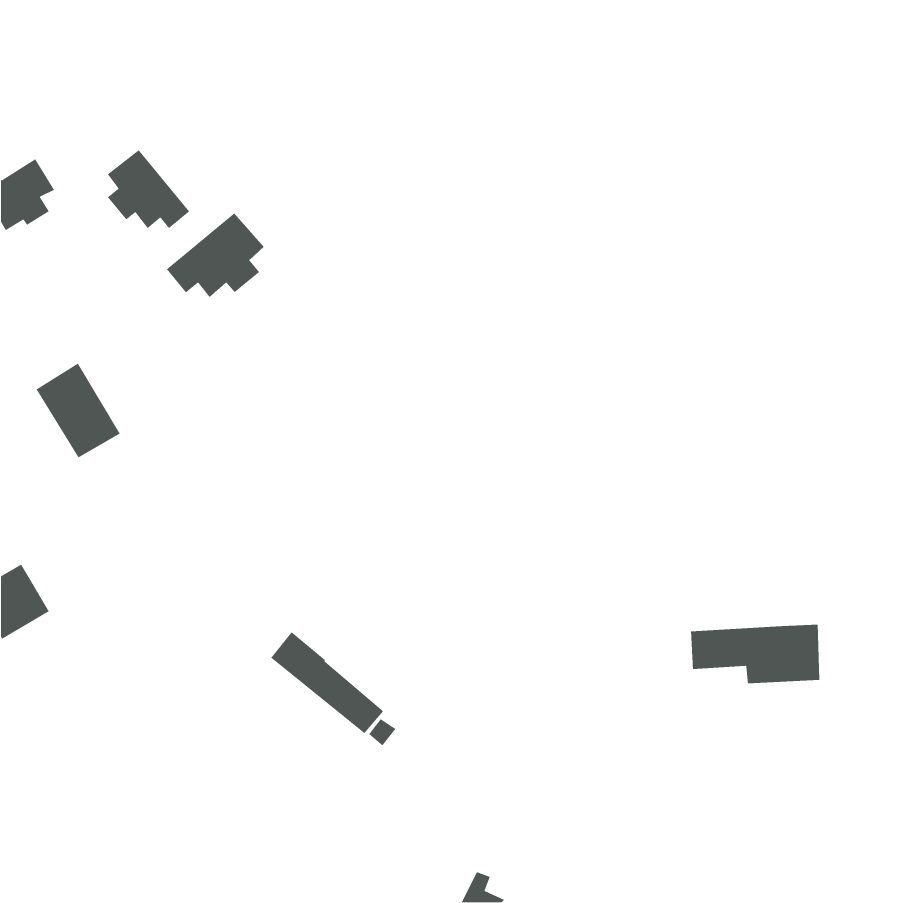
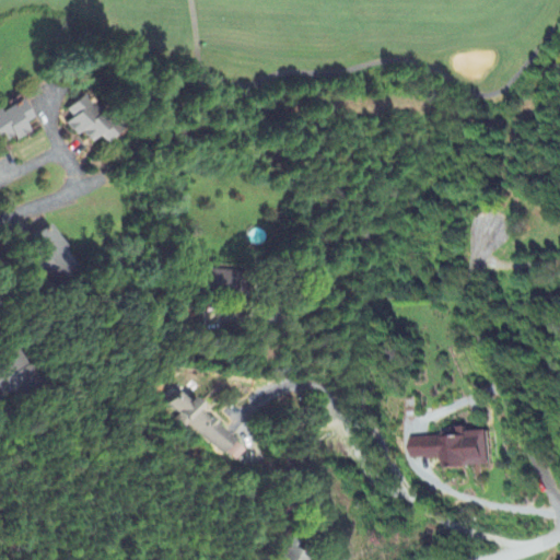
building: [166,212,265,298] -> none
building: none -> [209,268,241,292]
building: [690,624,820,684] -> [412,430,492,467]

